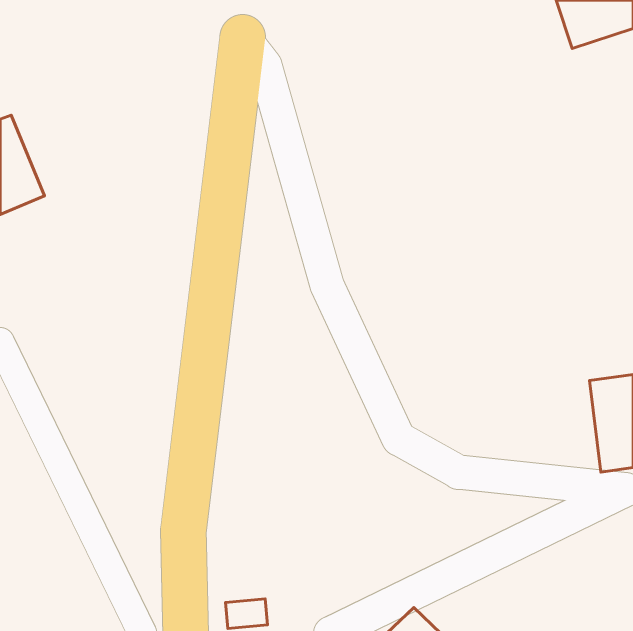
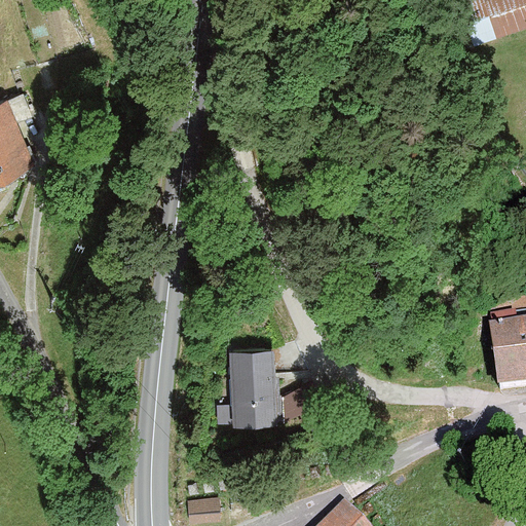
building: none -> [231,347,276,422]

